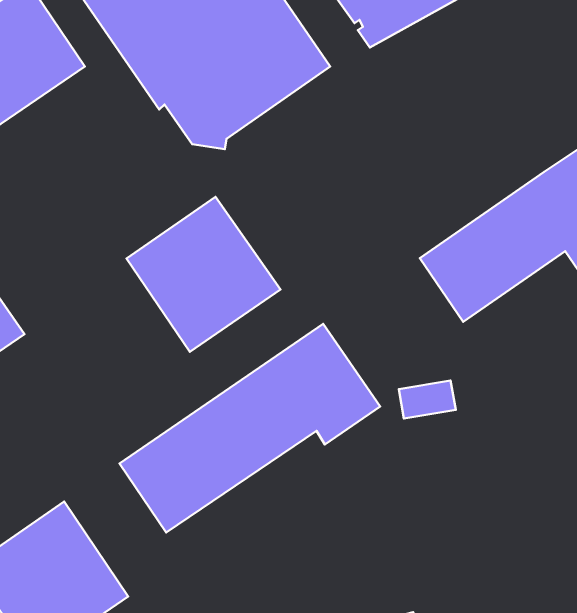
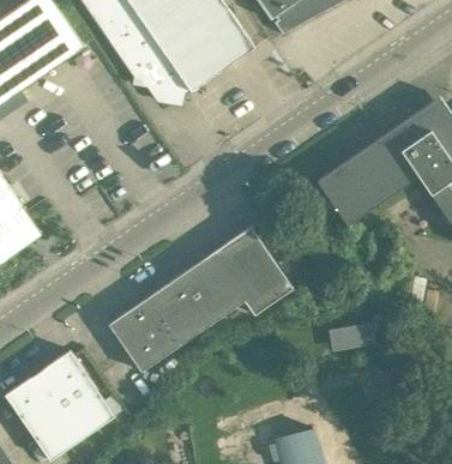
building: [127,197,281,352] -> none
building: [399,381,456,419] -> [337,323,376,349]

